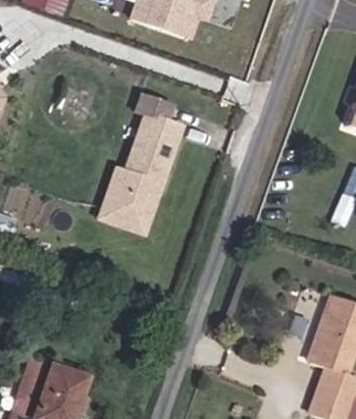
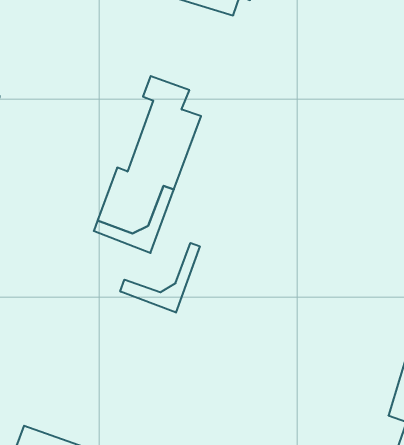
building: none -> [120,243,200,313]

